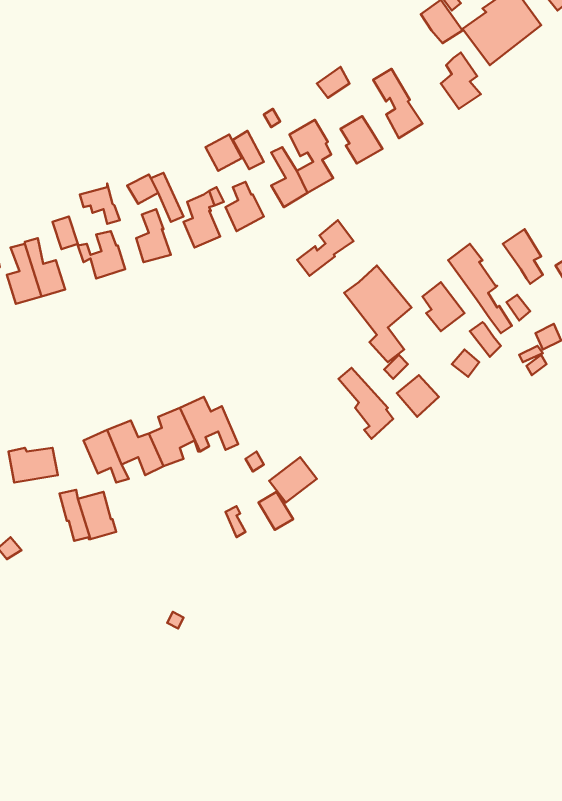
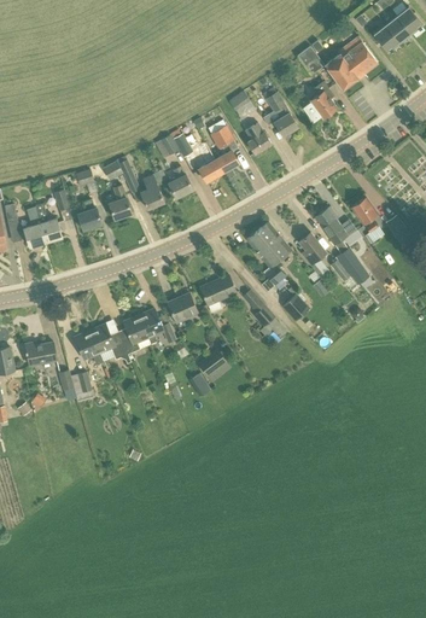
building: [297,220,353,276] -> none
building: none -> [199,274,235,304]
building: none -> [167,292,198,322]

